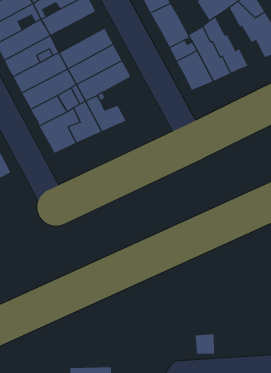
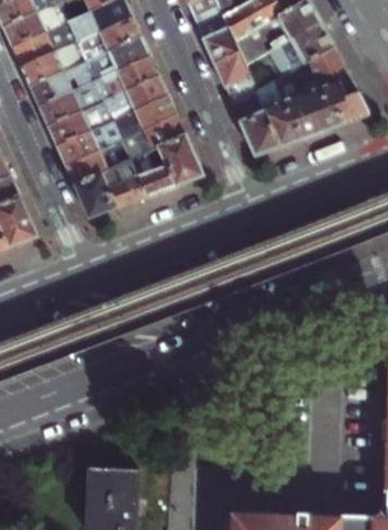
building: none -> [287,62,341,131]
building: none -> [99,55,157,100]
building: none -> [157,134,202,185]

